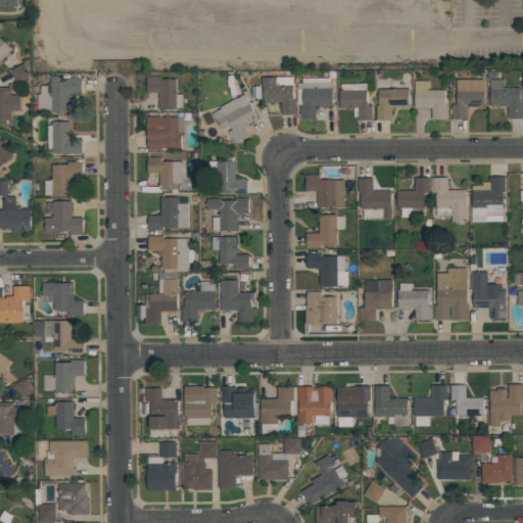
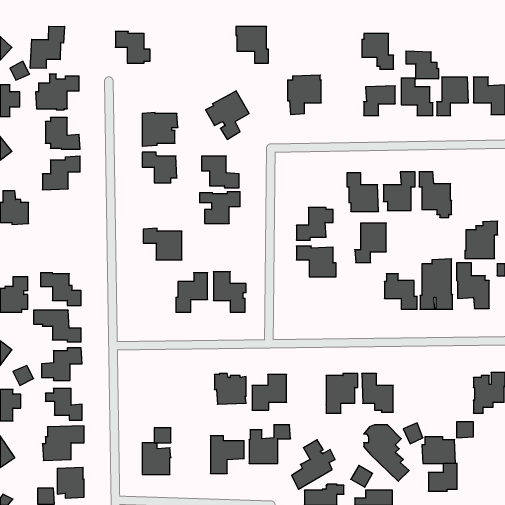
building: none -> [30,26,65,68]
building: none -> [406,51,438,79]
building: [146,77,182,109] -> [115,31,150,63]
building: [262,77,295,114] -> [236,27,268,63]
building: [339,84,372,121] -> [362,34,394,69]
building: [305,175,344,207] -> none
building: [471,177,505,216] -> [465,221,498,259]
building: [148,197,188,230] -> none
building: [45,201,83,234] -> none
building: [211,237,249,269] -> none
building: [145,273,177,322] -> none
building: [359,280,391,321] -> [355,223,386,263]
building: [305,292,337,325] -> none
building: [414,385,446,426] -> none
building: [450,385,483,415] -> none
building: [184,386,217,425] -> none
building: [297,387,332,425] -> none
building: [145,388,179,429] -> none
building: [182,441,217,490] -> none
building: [481,455,511,483] -> [428,463,457,491]

